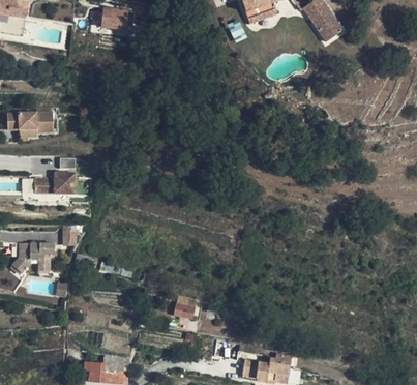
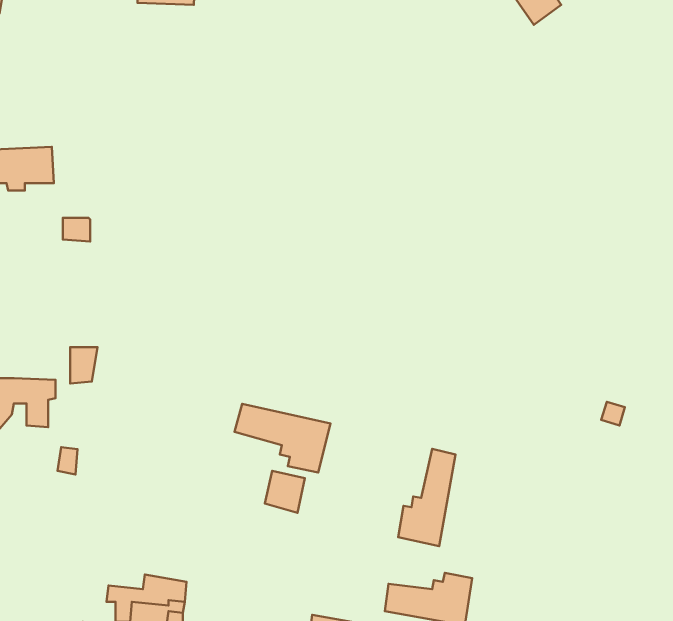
building: [33,169,72,189] -> none
building: none -> [235,404,331,472]
building: none -> [398,449,456,546]

